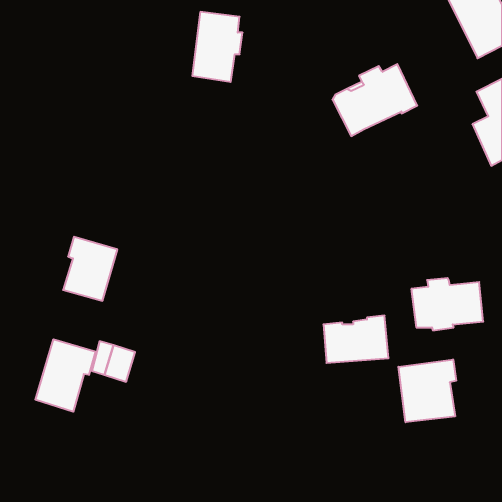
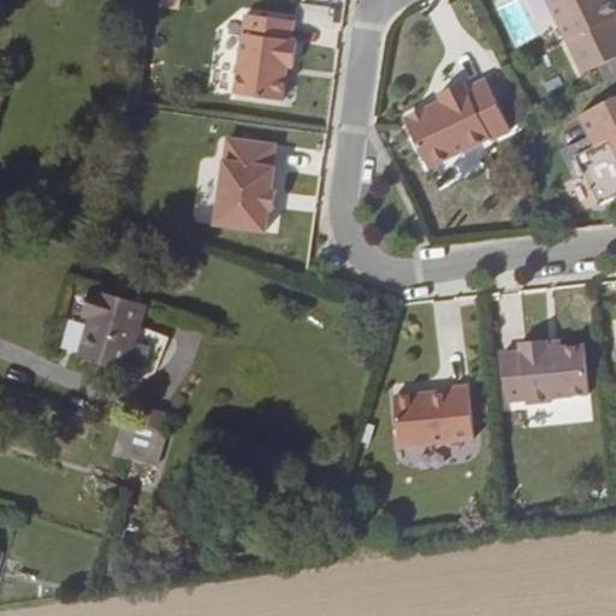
building: none -> [212,138,274,230]
building: [35,339,96,412] -> none
building: [398,359,456,422] -> none

